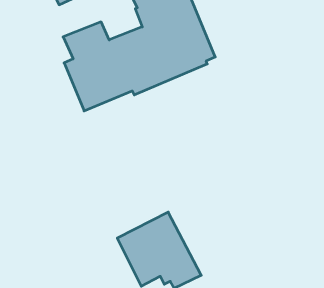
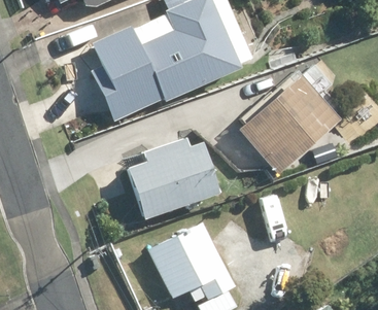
building: none -> [239,76,338,174]
building: none -> [133,137,220,217]

